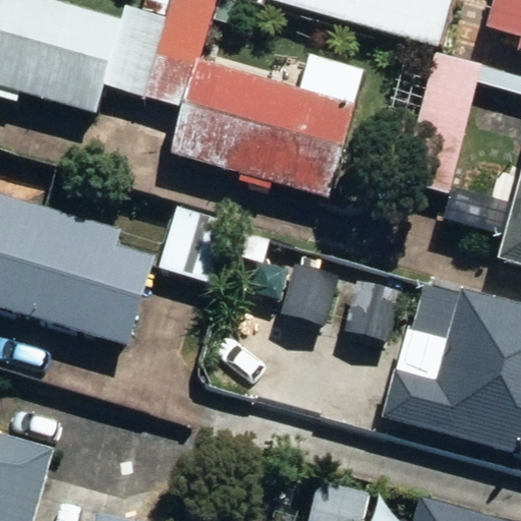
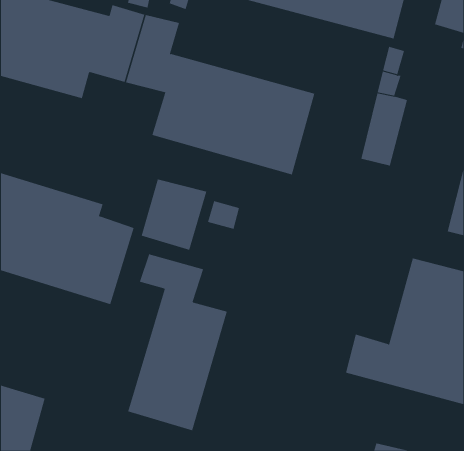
building: none -> [127,254,228,431]

